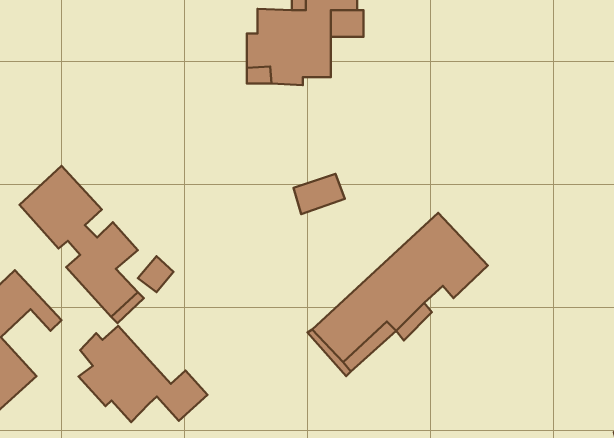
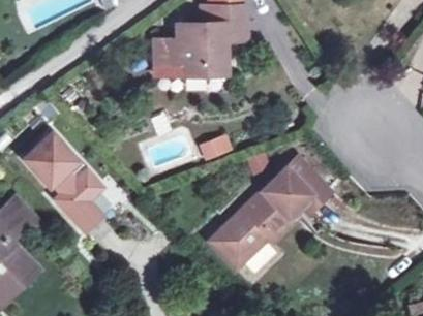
building: [78,326,208,422] -> none

